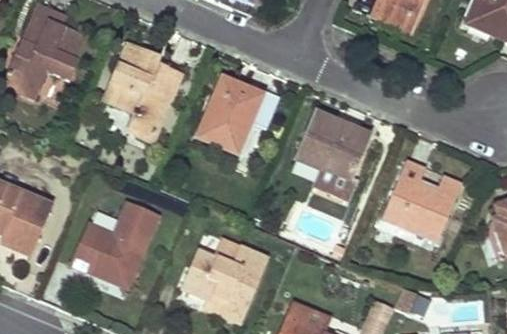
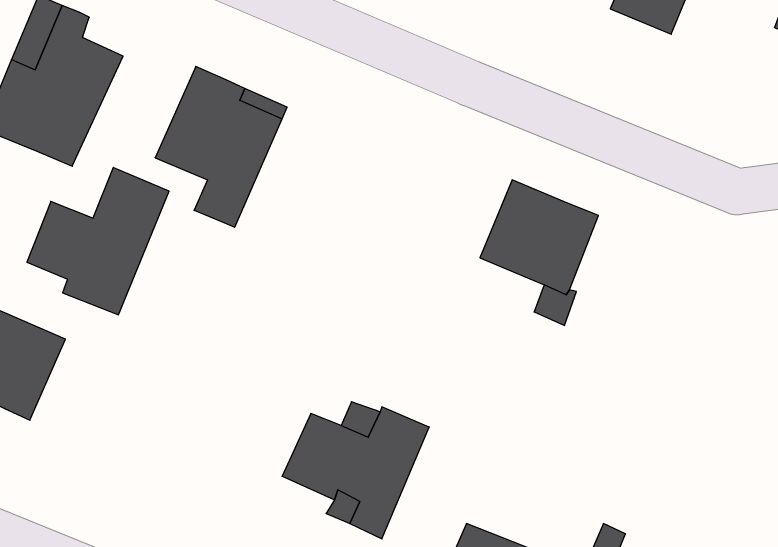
building: [199,78,262,151] -> none
building: [384,159,462,238] -> none
building: [76,204,160,291] -> [27,167,169,315]

